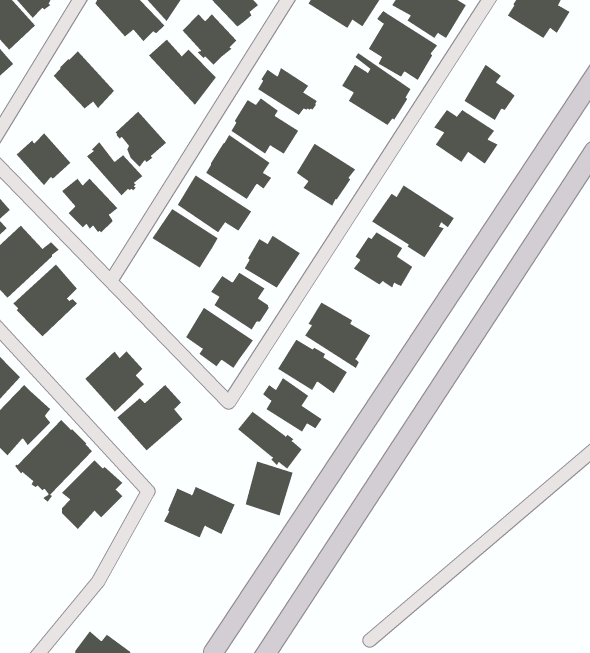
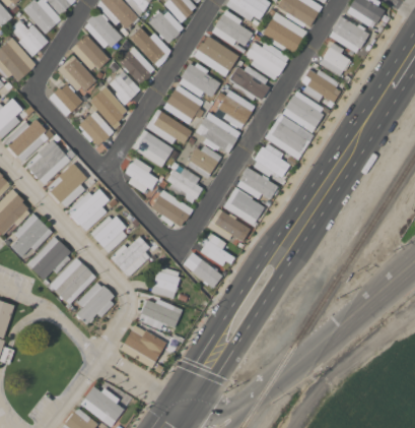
building: none -> [212,9,253,46]
building: none -> [84,11,122,48]
building: none -> [329,15,368,53]
building: none -> [118,50,154,83]
building: none -> [57,55,95,90]
building: none -> [229,65,270,100]
building: none -> [282,90,324,134]
building: none -> [195,112,240,152]
building: none -> [125,158,158,192]
building: none -> [236,166,278,199]
building: none -> [67,188,112,231]
building: [245,461,293,516] -> [151,265,181,299]
building: none -> [120,325,165,367]

